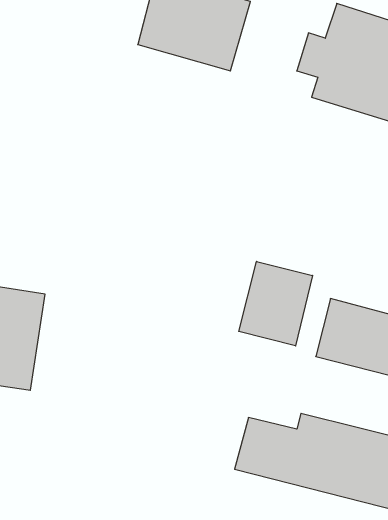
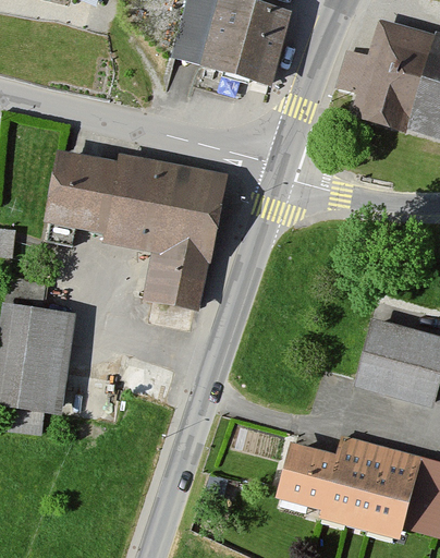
building: none -> [46,155,228,310]
building: [239,261,313,346] -> none

